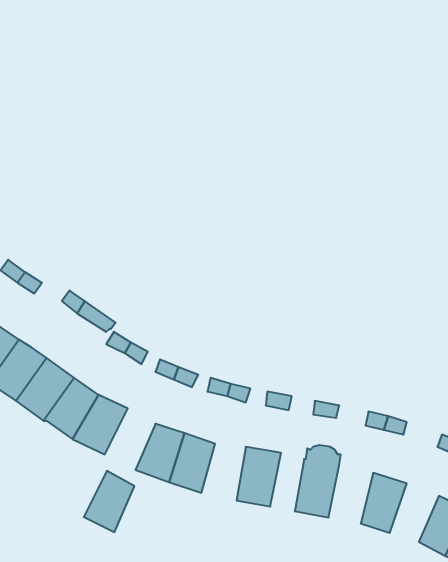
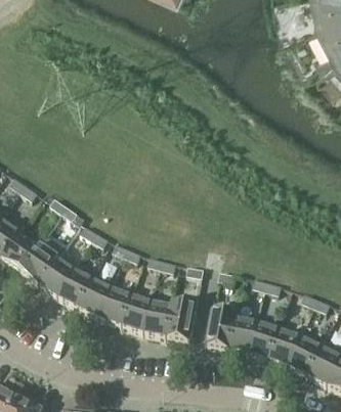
building: none -> [143,301,173,338]
building: none -> [228,315,258,354]
building: [84,471,134,532] -> [79,277,113,318]
building: none -> [269,327,302,366]

